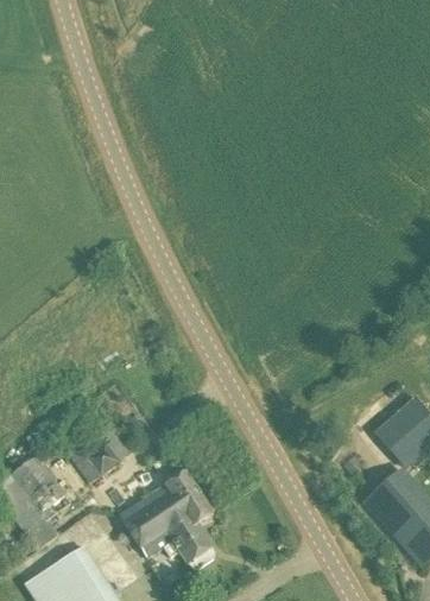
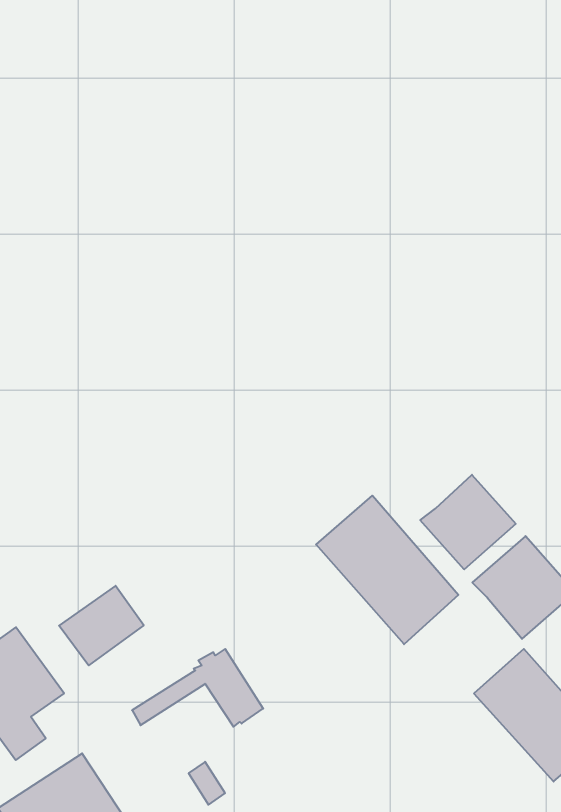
building: none -> [420,475,516,569]
building: none -> [316,496,458,644]
building: [126,495,214,569] -> none

